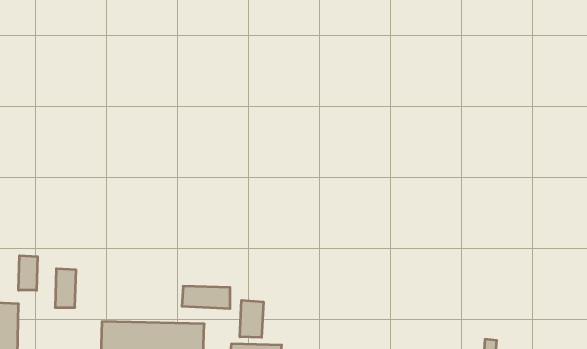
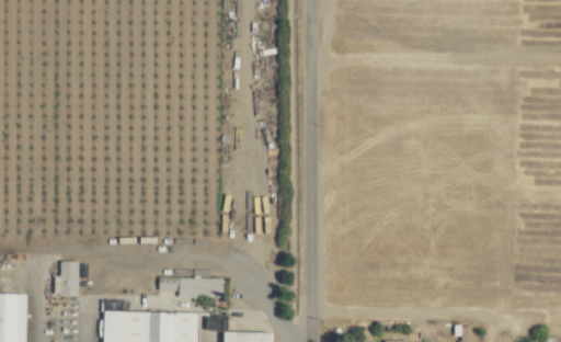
building: [19,256,38,290] -> none
building: [240,300,263,337] -> none

